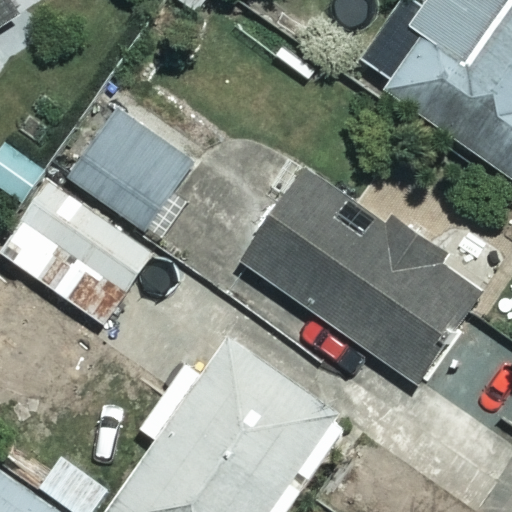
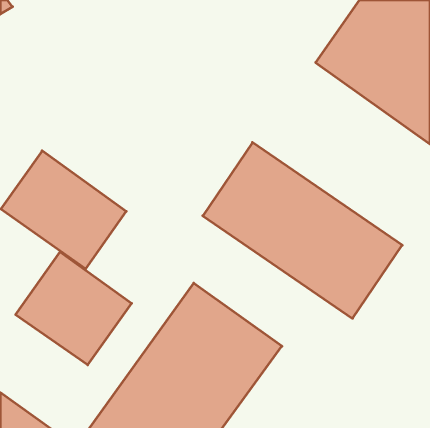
building: [61,100,193,229] -> none
building: none -> [16,252,132,365]

